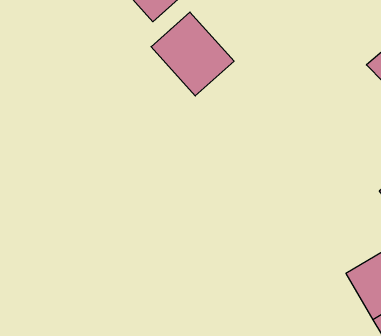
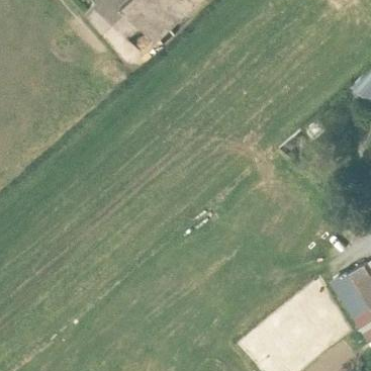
building: [151,12,234,96] -> none

